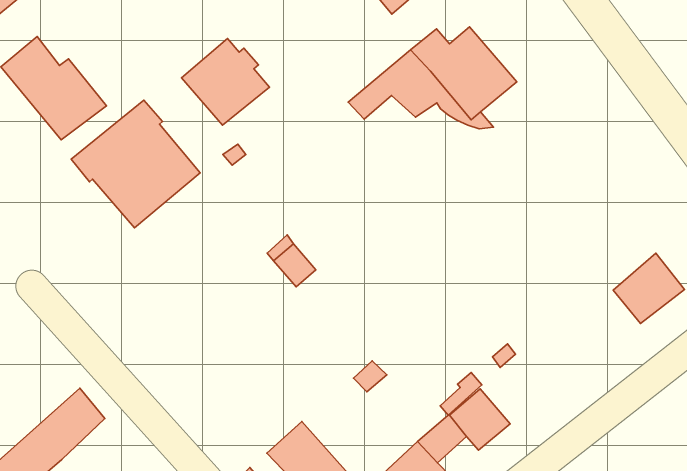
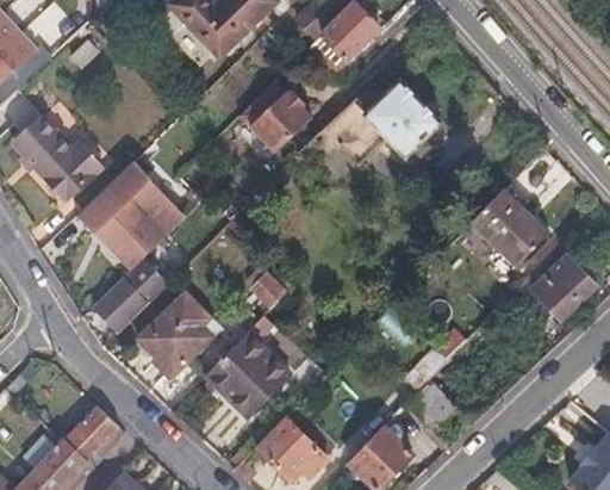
building: [182,38,270,125] -> [238,81,312,154]
building: none -> [471,190,547,266]
building: none -> [93,260,162,334]
building: none -> [138,294,212,376]
building: none -> [206,335,290,417]

